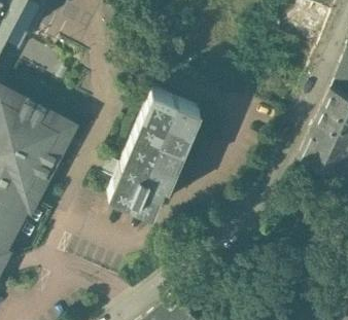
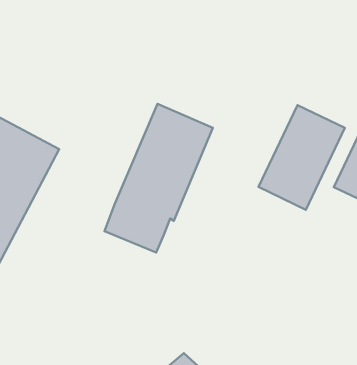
building: none -> [258,105,345,210]

